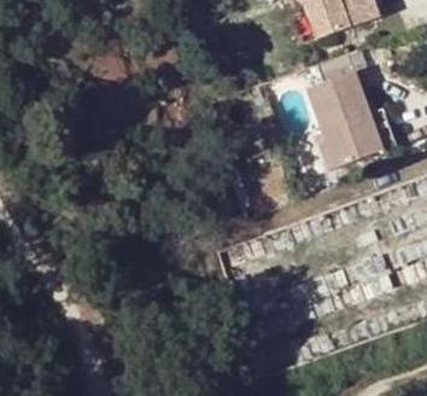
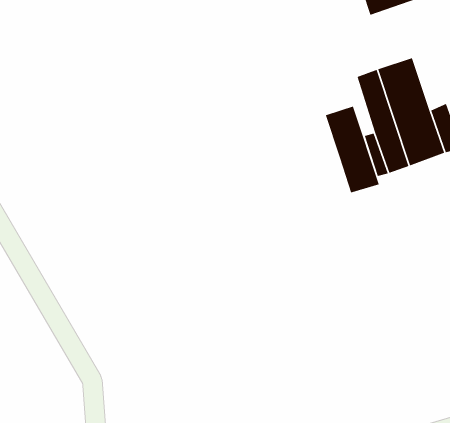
building: none -> [325,105,380,193]

